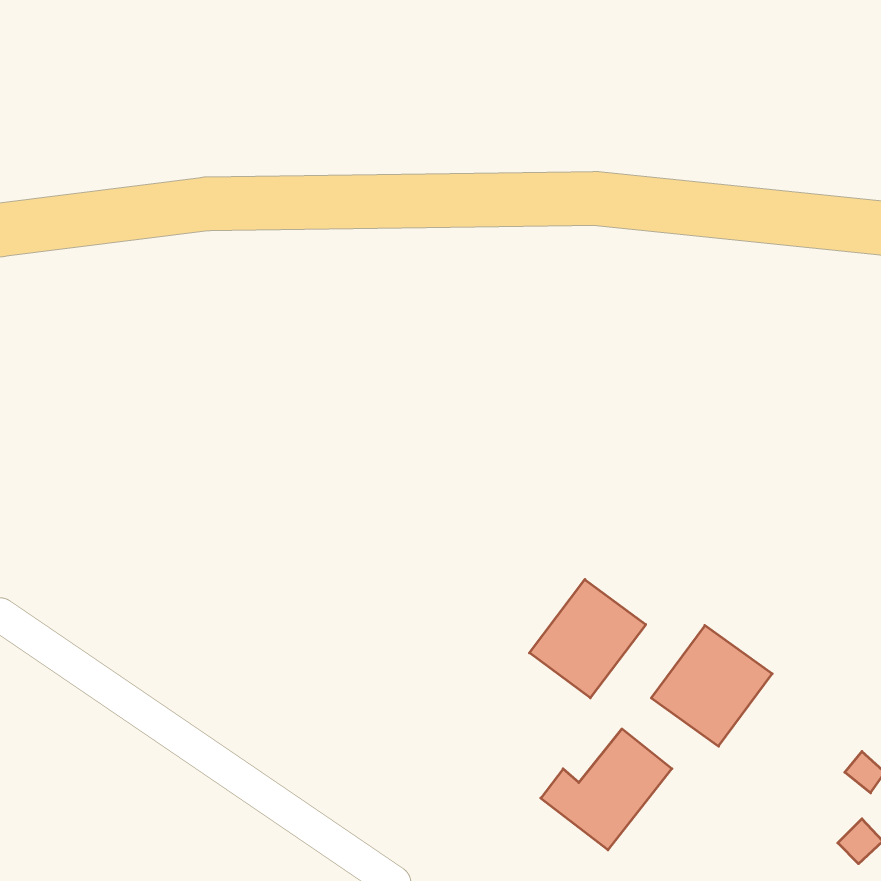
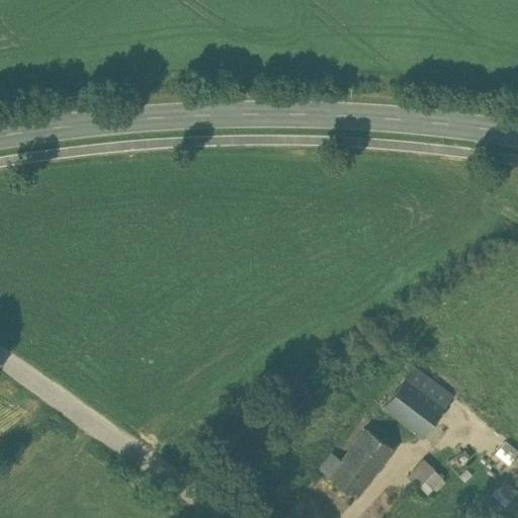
building: [529,579,646,698] -> none
building: none -> [408,460,446,499]

